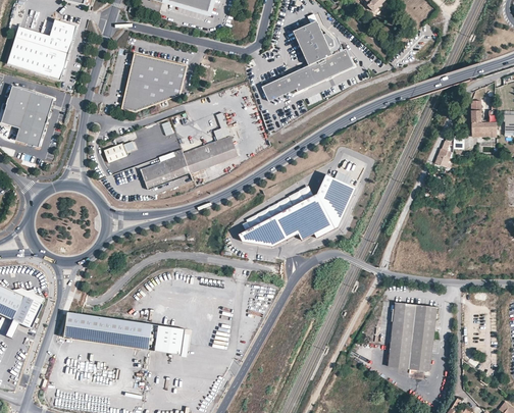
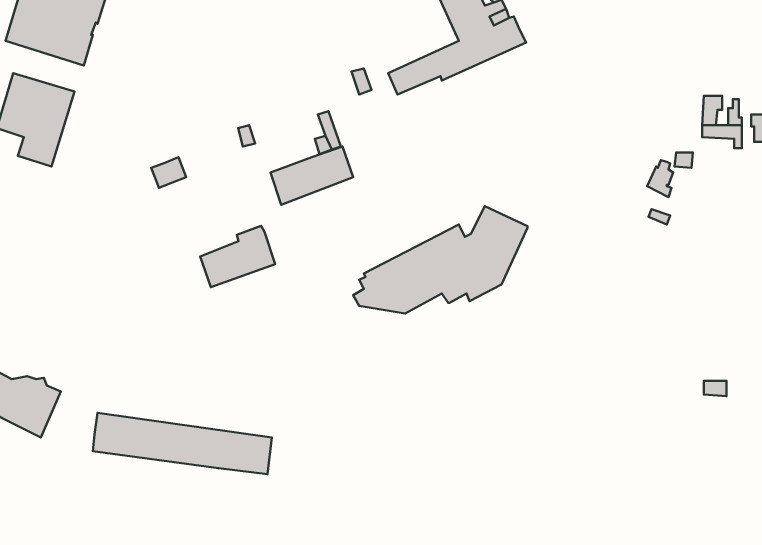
building: [120,52,187,111] -> none
building: [140,148,190,189] -> [200,226,275,287]
building: [388,302,436,370] -> none

